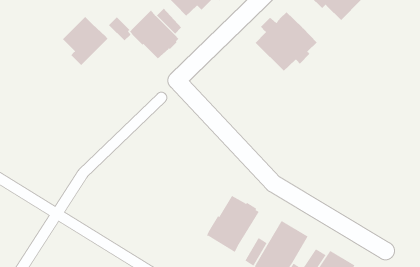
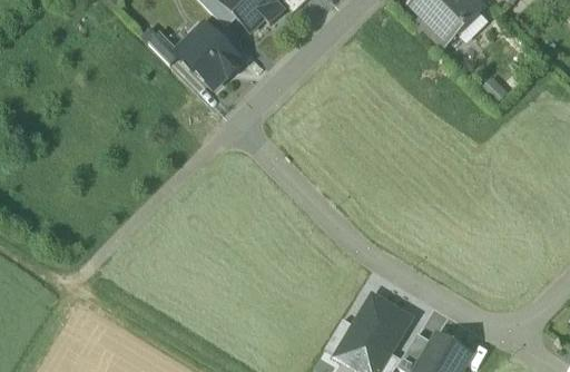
building: [255,12,318,72] -> none
building: [62,16,108,66] -> none
building: [206,195,260,253] -> none

